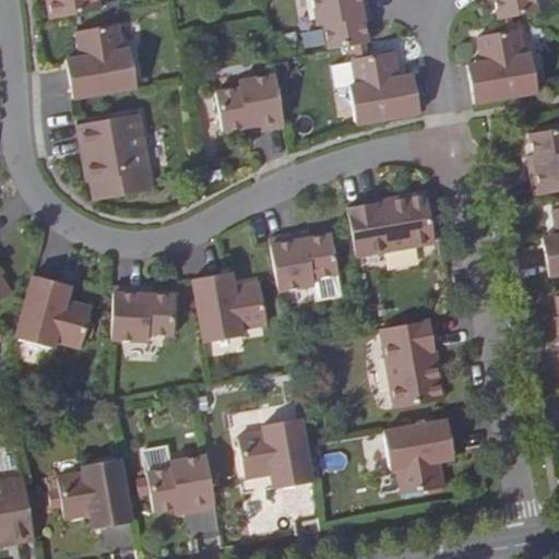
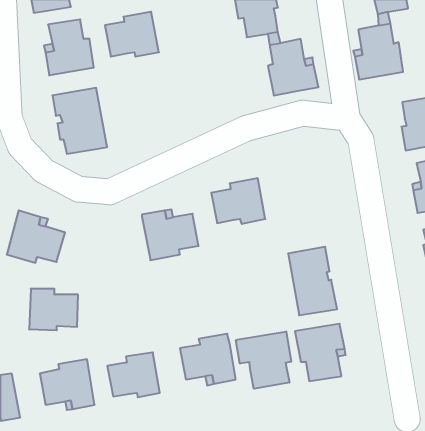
building: [215,76,285,134] -> [105,12,159,57]
building: [347,192,436,255] -> none
building: [111,285,175,338] -> [29,289,78,330]
building: none -> [236,331,291,389]

